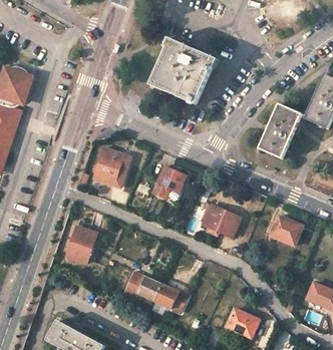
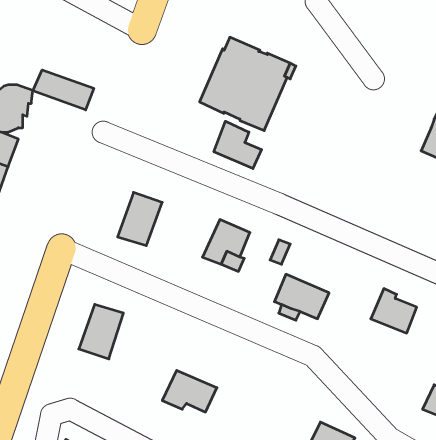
building: none -> [33,70,94,110]
building: none -> [214,121,262,169]
building: [258,103,301,158] -> none
building: [153,284,187,313] -> none

